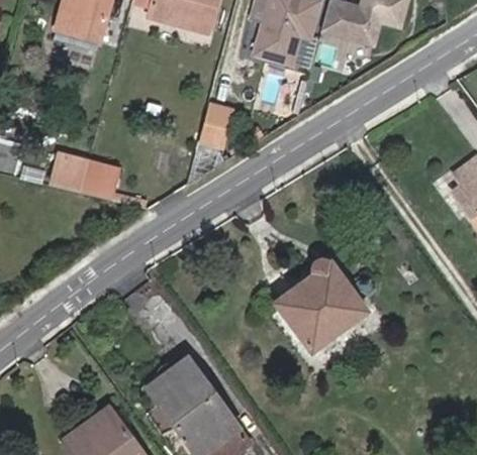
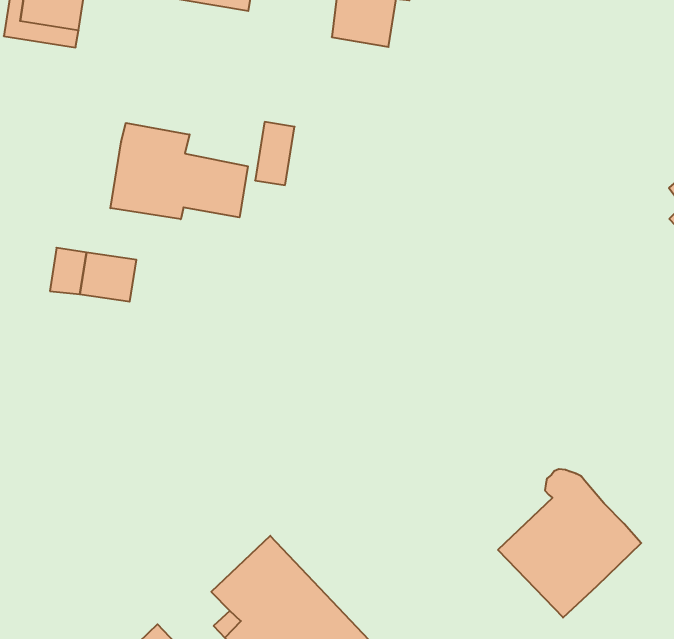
building: none -> [110,123,248,219]
building: [277,258,366,350] -> [498,469,641,618]

